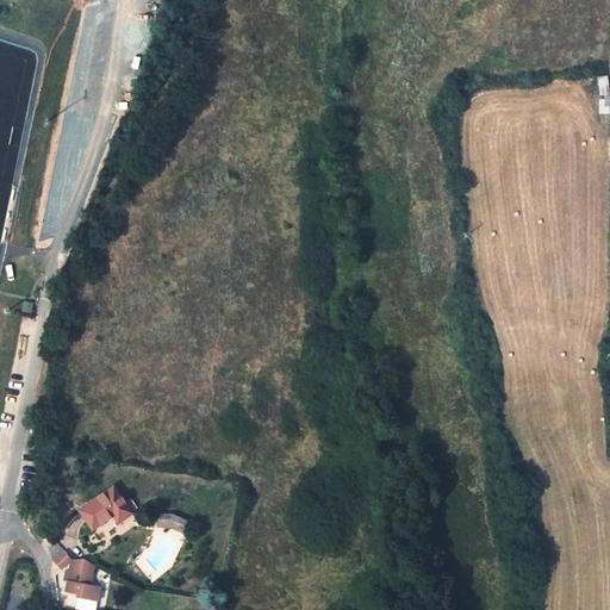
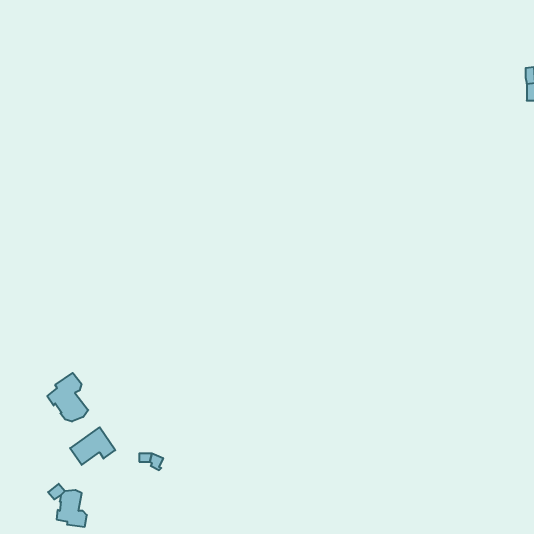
building: none -> [47,373,88,422]

